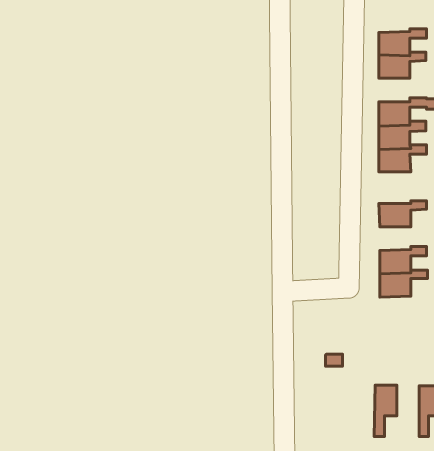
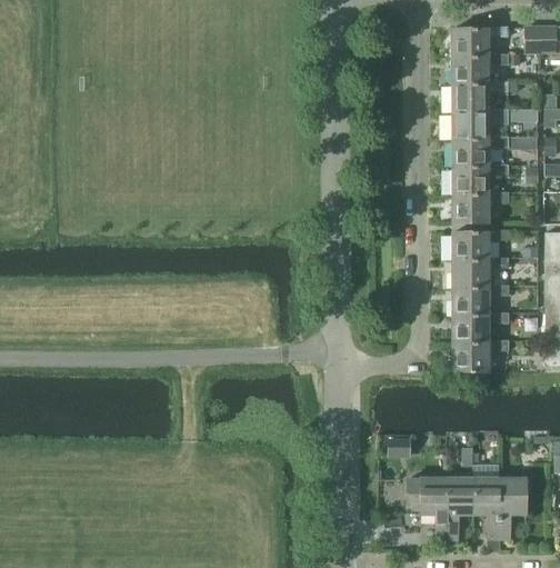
building: none -> [452,24,509,57]
building: none -> [452,108,508,139]
building: none -> [452,228,509,260]
building: none -> [453,285,509,316]
building: none -> [408,476,448,537]
building: none -> [473,476,500,537]

